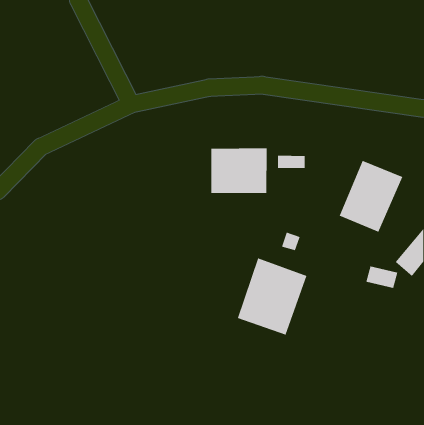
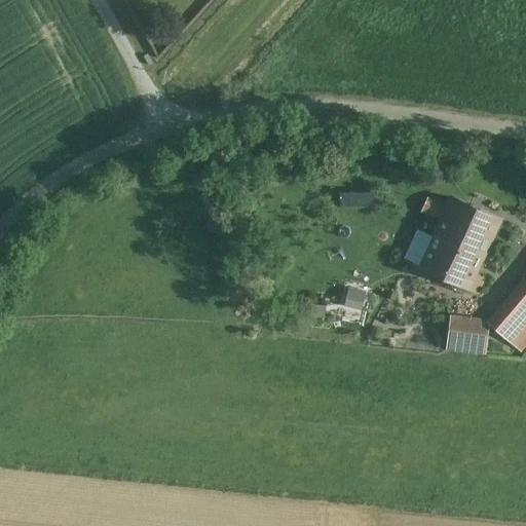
building: [211,147,267,194] -> none
building: [237,258,307,336] -> none

